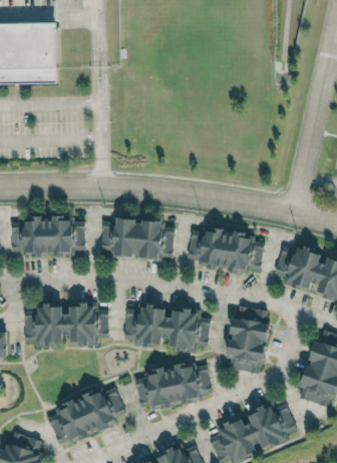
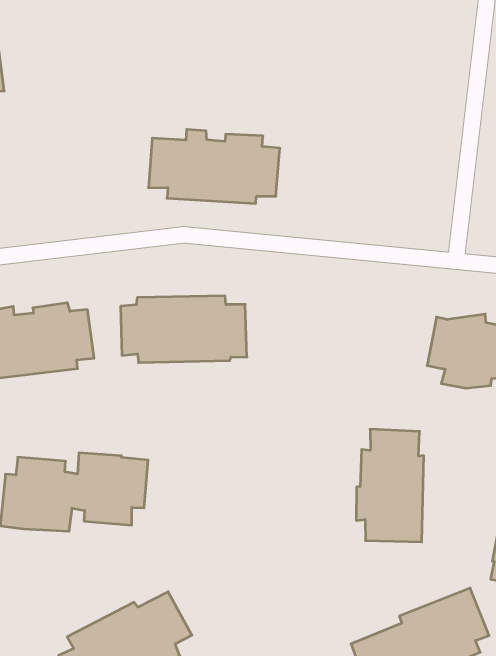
building: [188,226,265,273] -> [148,129,280,203]
building: [124,305,211,351] -> none
building: [135,364,212,409] -> none

